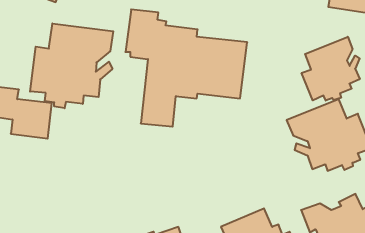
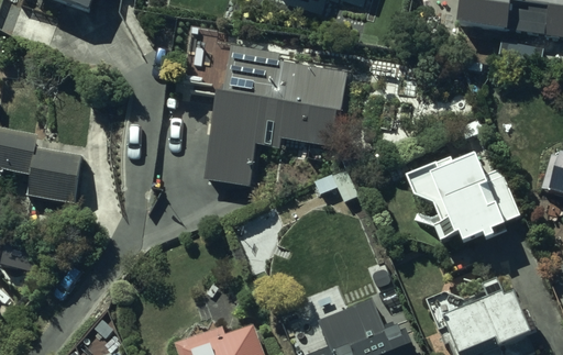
building: [30,23,113,108] -> none
building: [302,37,360,101] -> none

